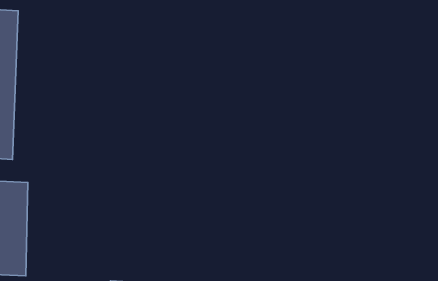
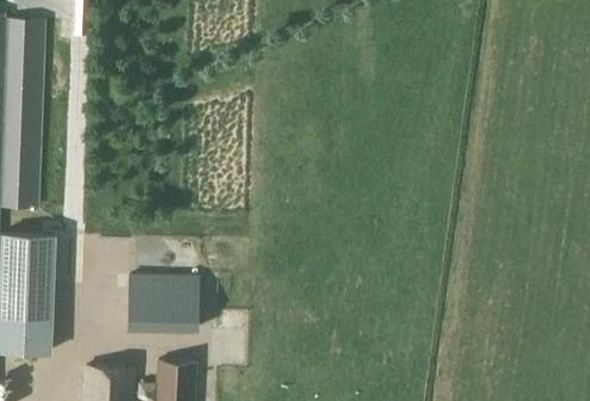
building: none -> [127,278,201,332]

